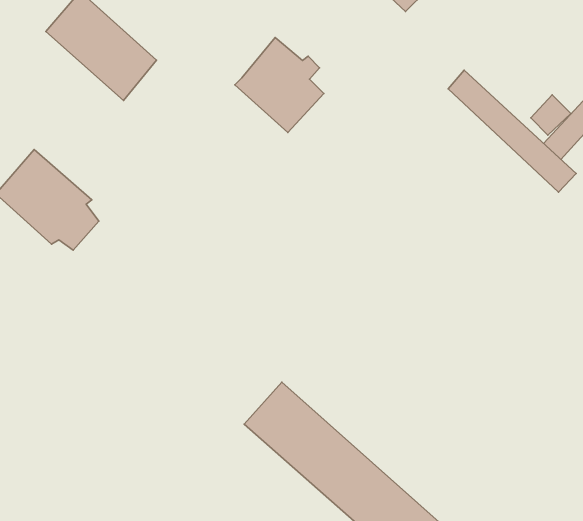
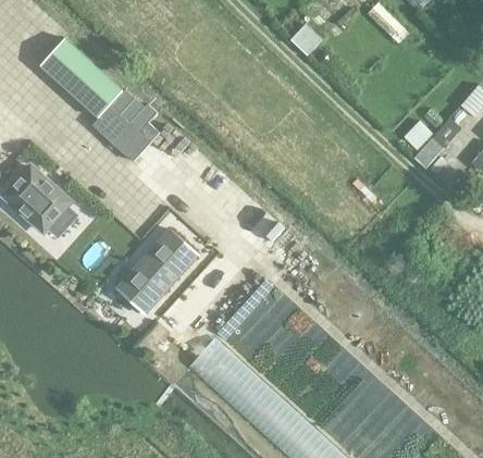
building: [235,38,324,132] -> [90,92,158,164]
building: [448,70,576,192] -> none
building: none -> [112,228,199,318]

